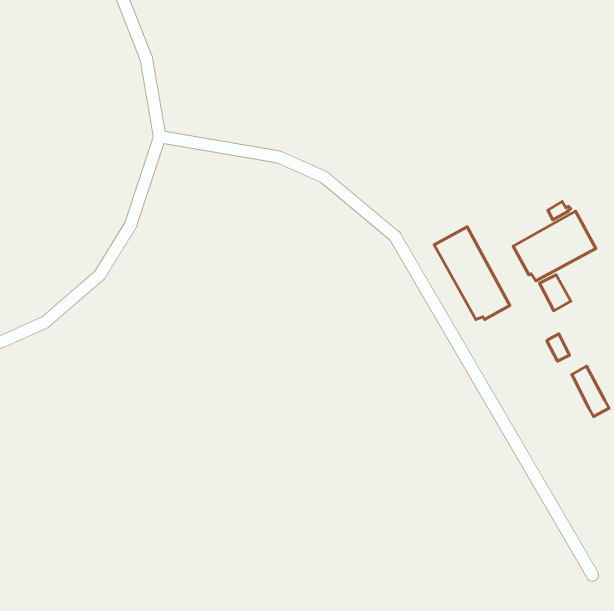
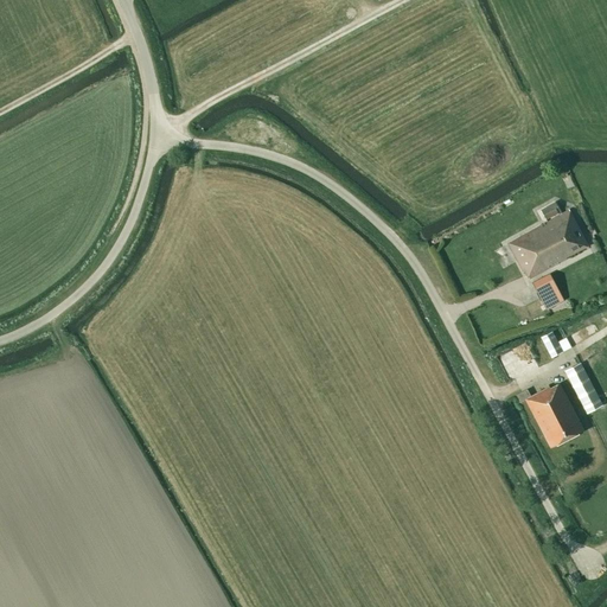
building: [434,227,510,320] -> none
building: none -> [515,383,583,449]

